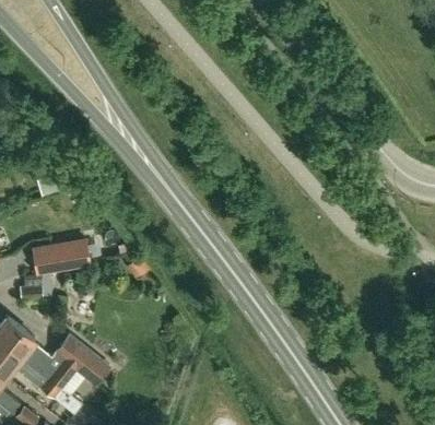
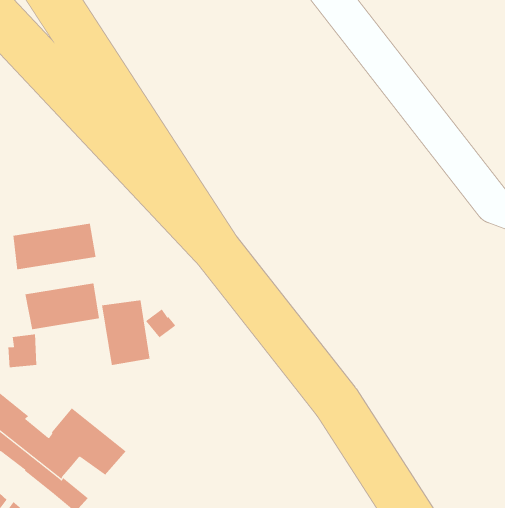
building: none -> [13,223,96,270]
building: none -> [101,299,150,366]

